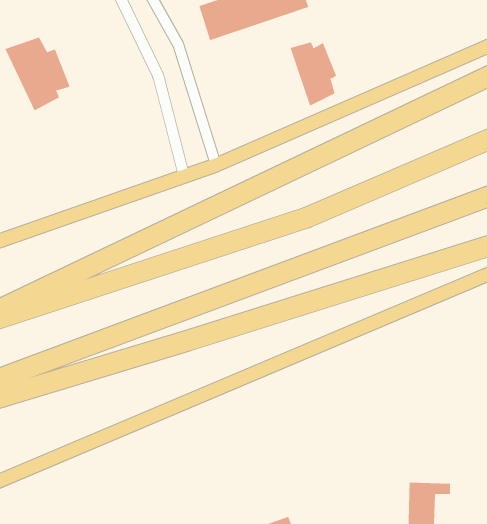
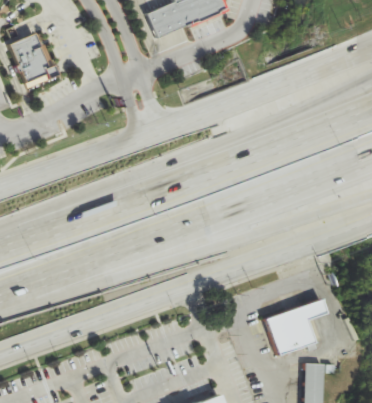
building: [290,41,337,106] -> none
building: none -> [261,294,326,352]

